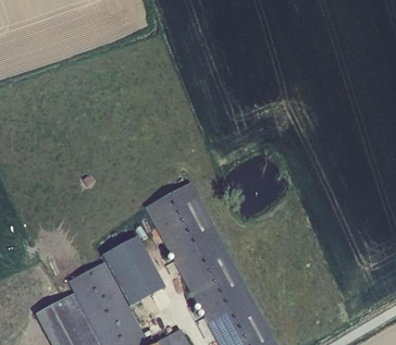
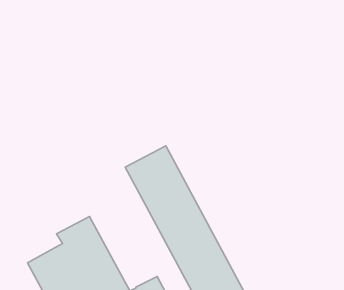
building: [102,236,164,307] -> none

